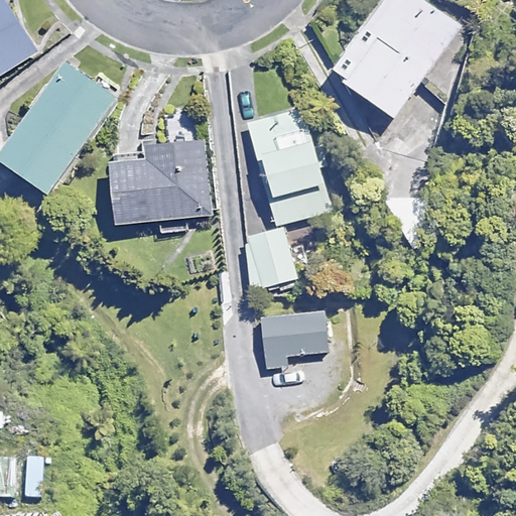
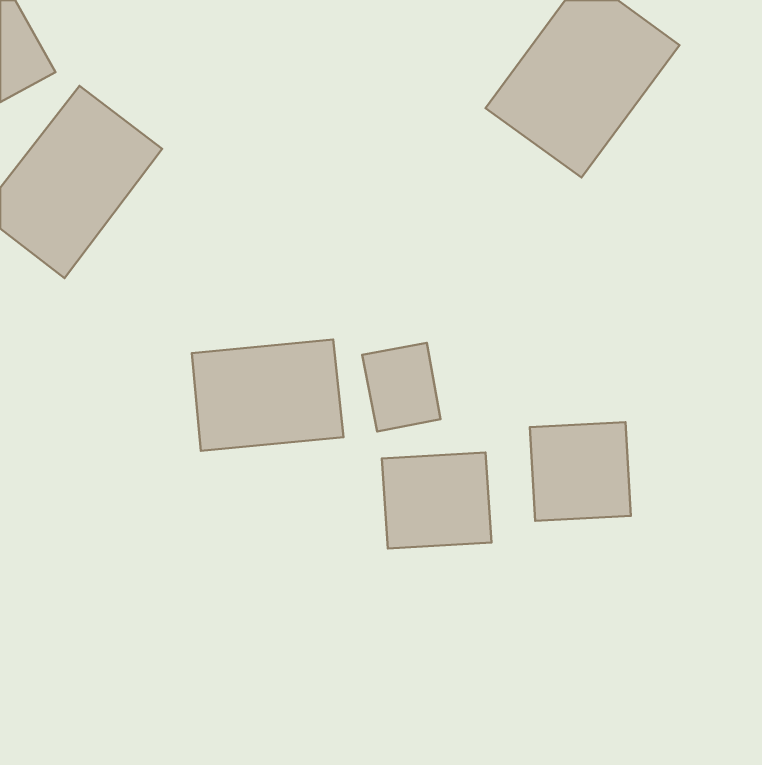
building: [243,107,337,222] -> none
building: [106,148,208,223] -> [192,340,344,451]
building: none -> [530,422,631,521]

